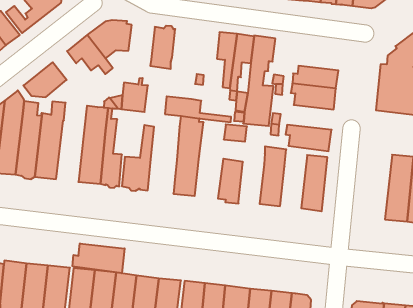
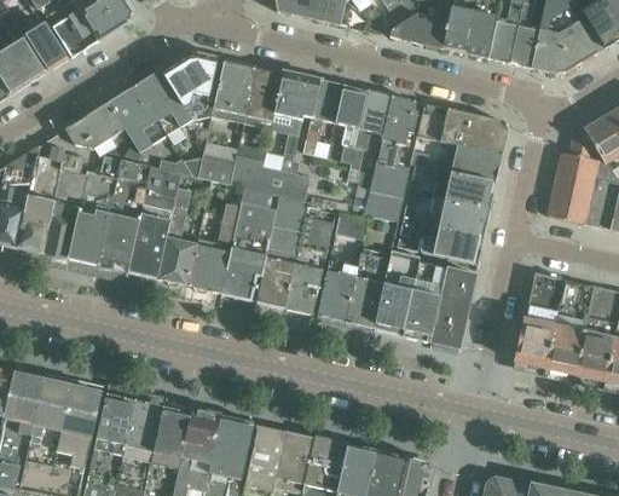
building: none -> [212,58,255,121]
building: none -> [274,70,312,173]
building: none -> [308,79,343,131]
building: none -> [416,103,508,155]
building: none -> [109,88,161,151]
building: none -> [228,144,265,190]
building: none -> [97,160,150,271]
building: none -> [423,196,490,236]
building: none -> [285,207,331,313]
building: none -> [221,202,274,300]
building: none -> [345,248,388,328]
building: none -> [514,272,563,368]
building: none -> [401,261,446,340]
building: [73,243,125,273] -> none

